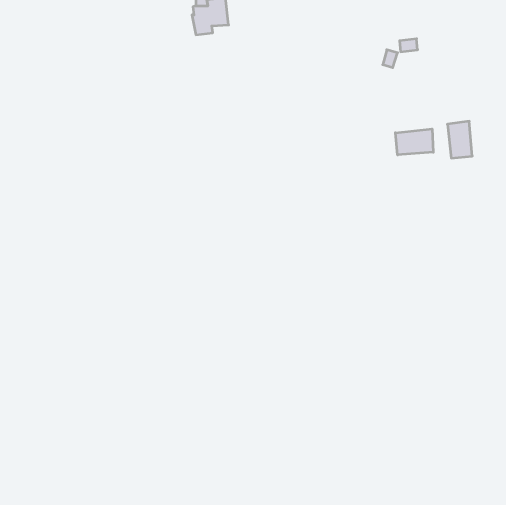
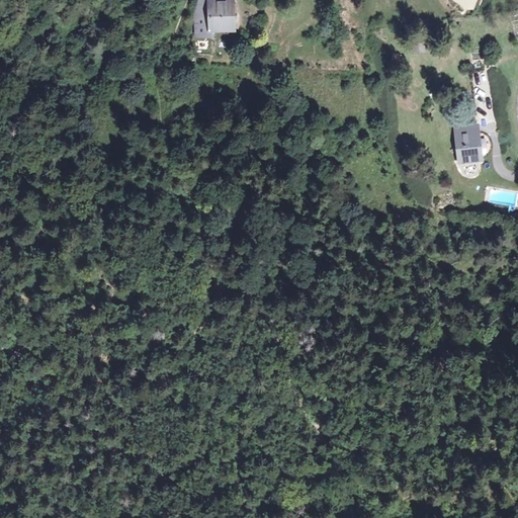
building: [395,129,433,155] -> none

